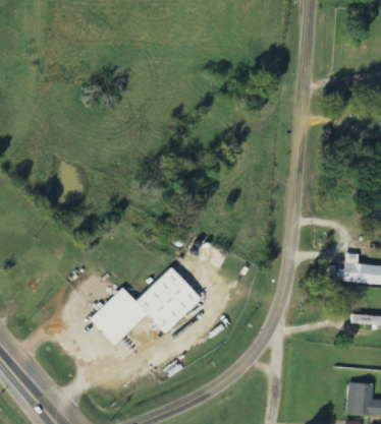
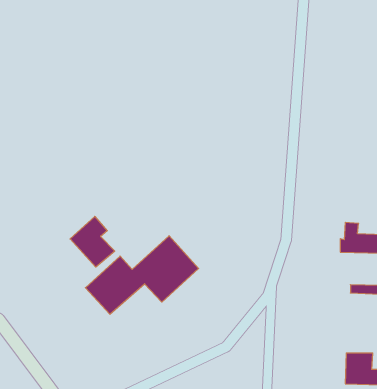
building: none -> [70,216,115,267]

